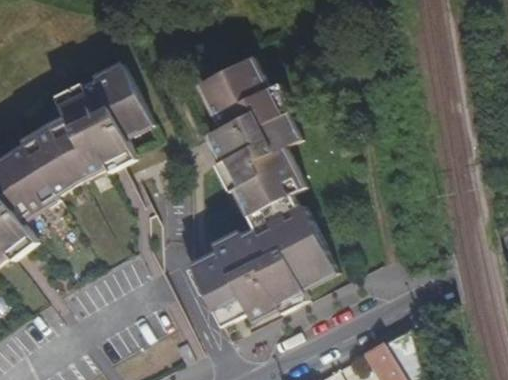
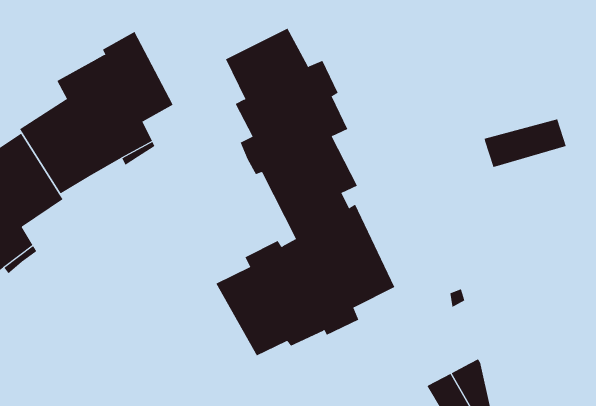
building: none -> [484,119,566,168]

